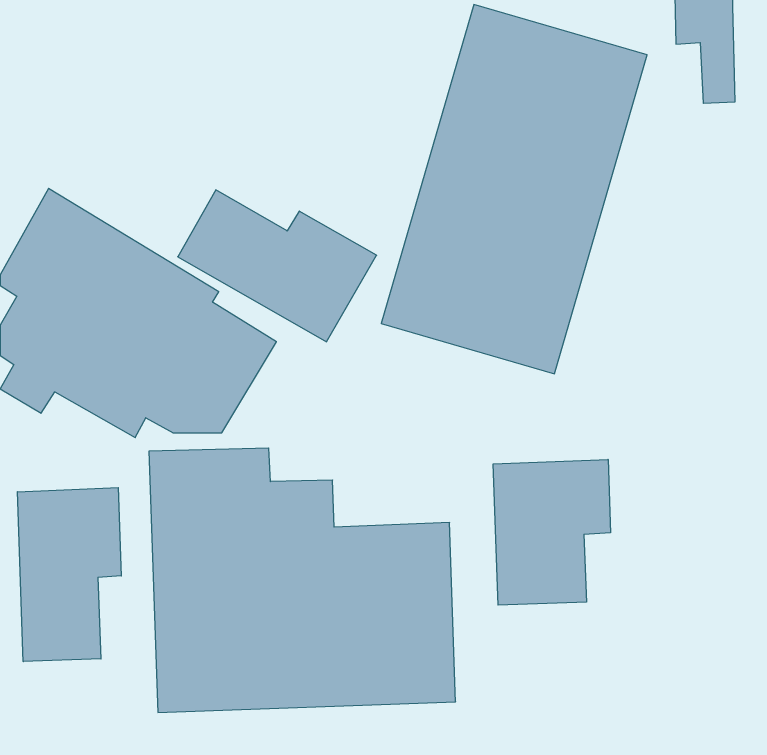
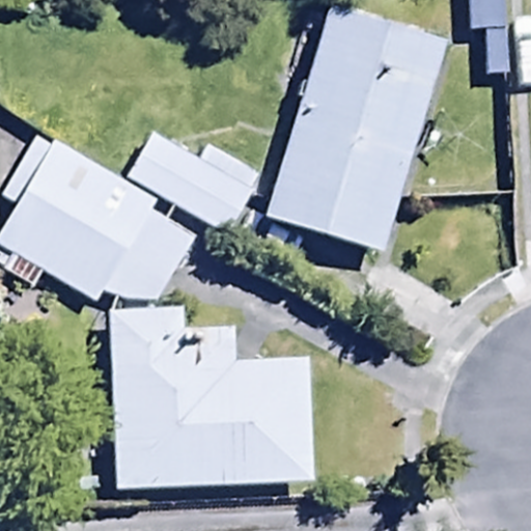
building: [493,459,610,605] -> none
building: [17,488,121,662] -> none

